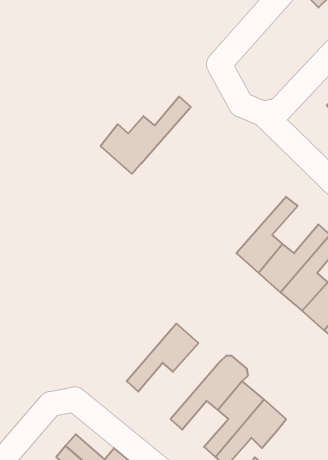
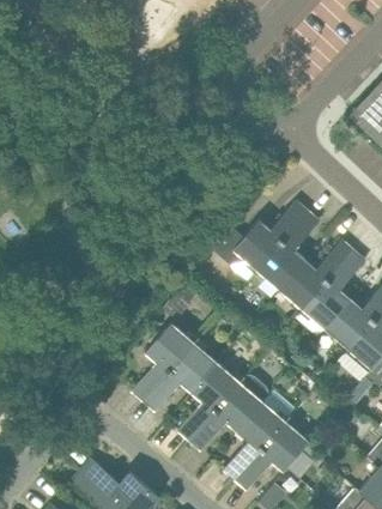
building: [101,97,191,174] -> [214,199,308,279]
building: none -> [131,322,194,401]
building: none -> [176,362,239,441]

